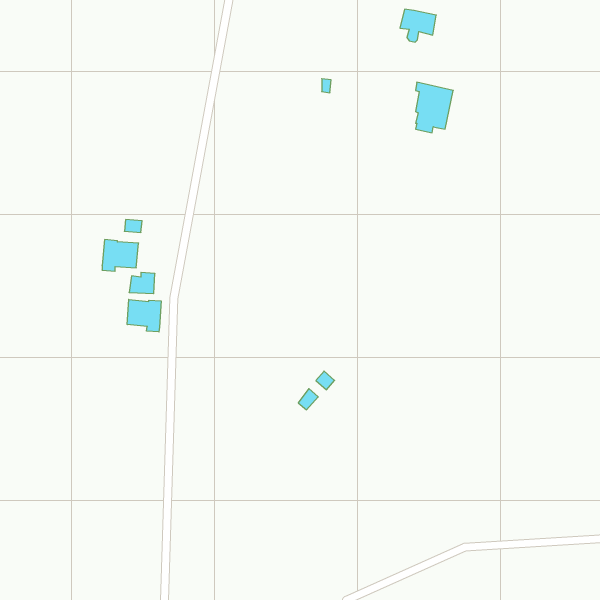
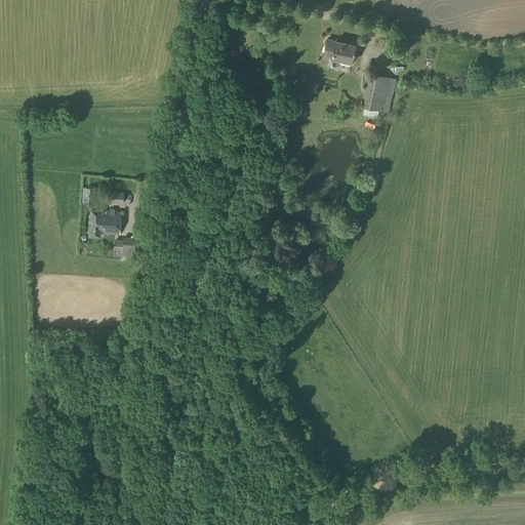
building: [400,9,436,42] -> [323,40,355,69]
building: [127,299,161,332] -> none

